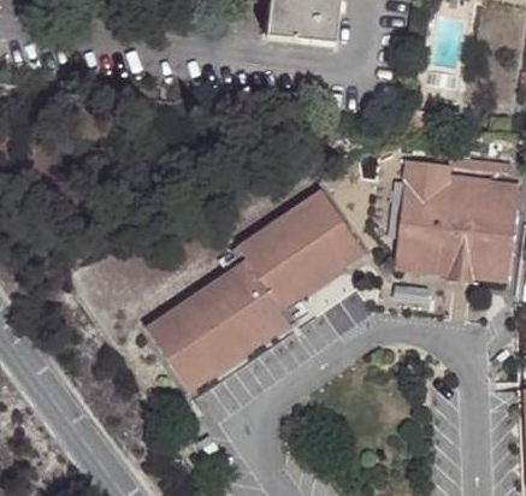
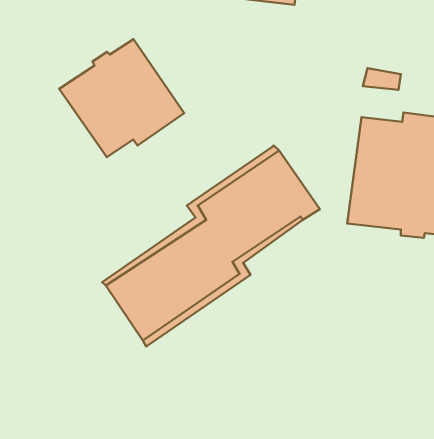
building: none -> [59,39,184,157]

